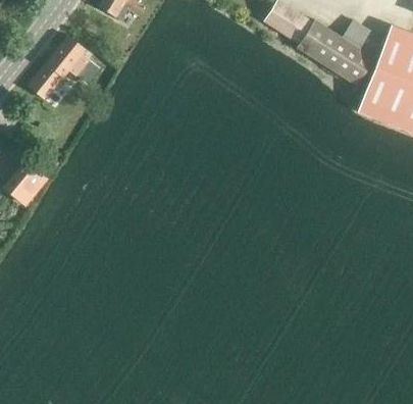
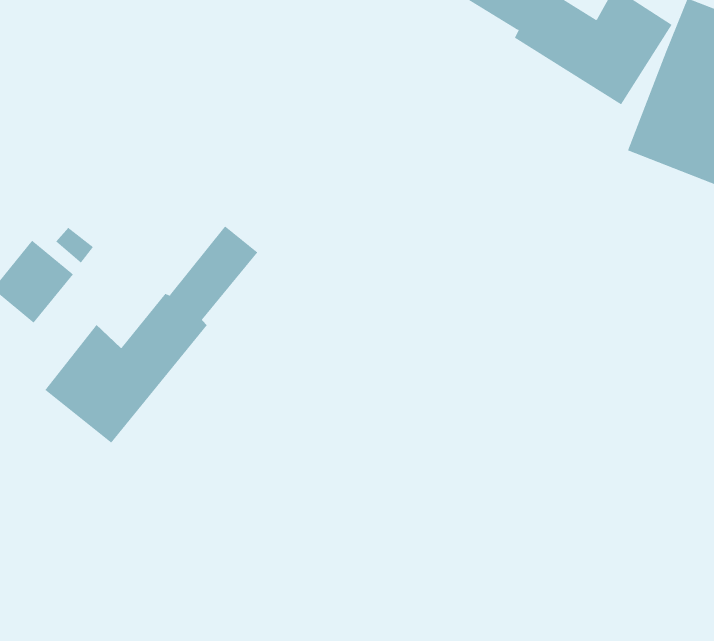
building: [28,37,89,101] -> none
building: none -> [45,225,258,443]

